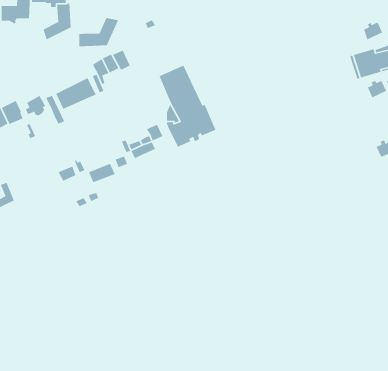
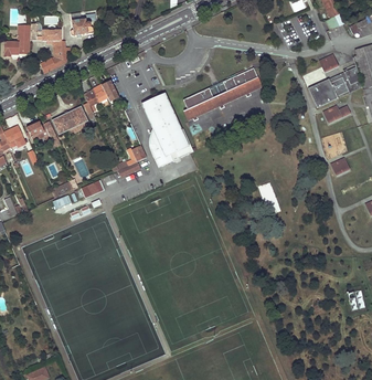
building: [78,17,119,47] -> none
building: none -> [183,70,262,120]

